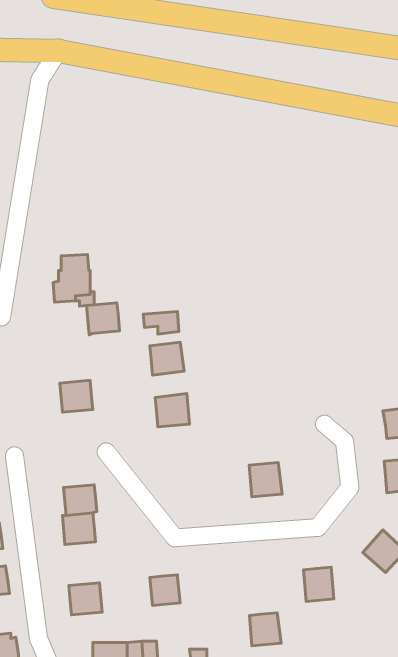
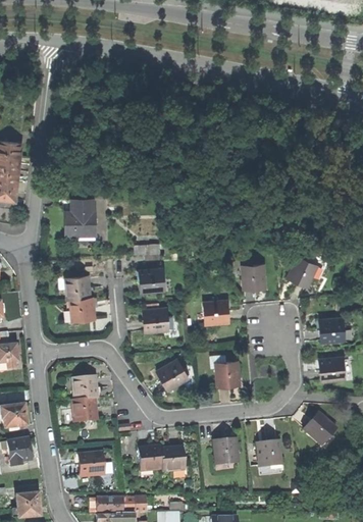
building: [86,303,120,335] -> [66,274,92,299]
building: none -> [288,255,318,285]
building: none -> [243,265,266,290]
building: none -> [205,298,229,322]
building: none -> [158,359,190,388]
building: none -> [161,446,187,469]
building: [249,613,281,646] -> [214,437,239,463]

